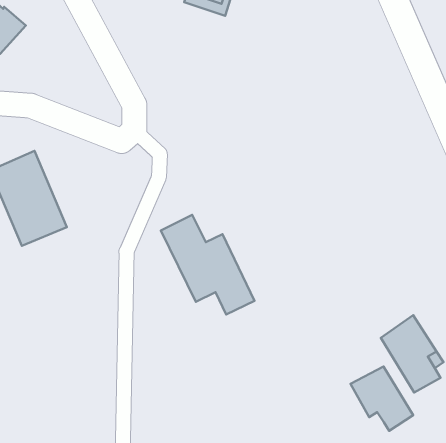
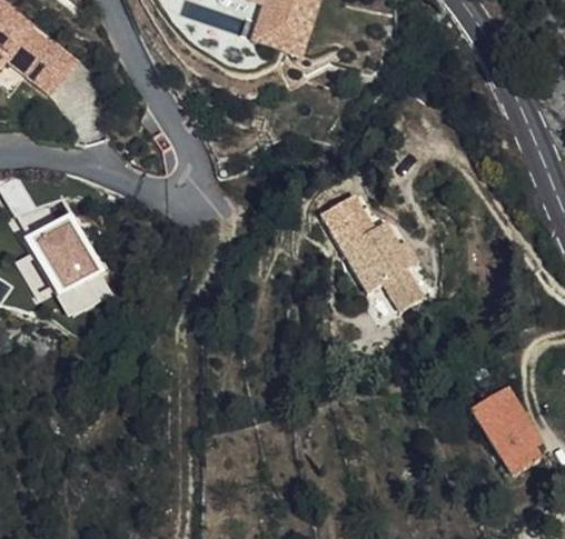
building: [161,215,255,315] -> [323,191,429,305]
building: [350,366,413,431] -> none

